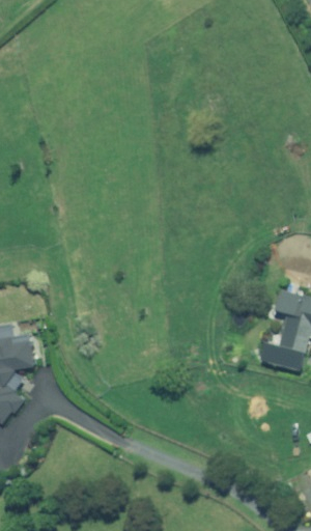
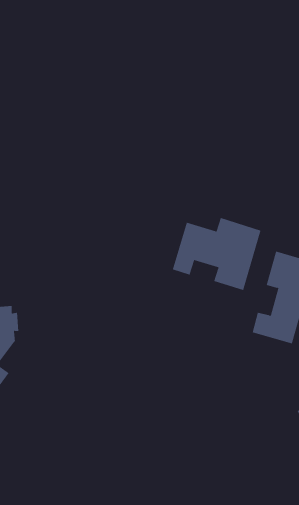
building: none -> [172,217,261,291]

